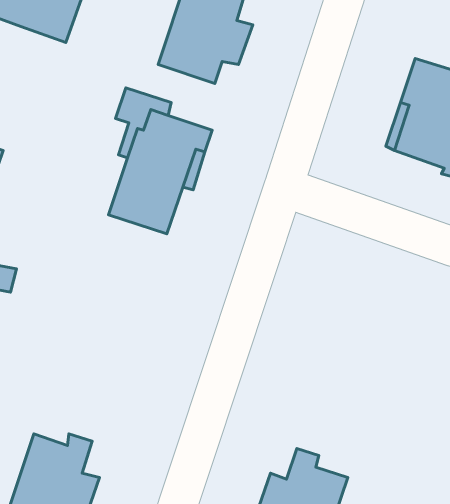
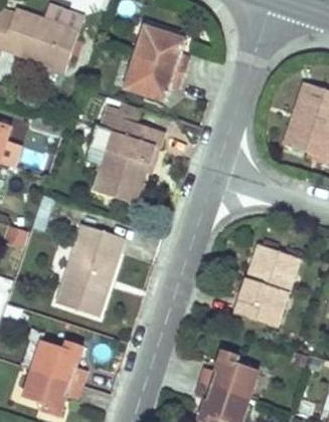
building: none -> [56,224,123,315]
building: none -> [234,244,299,327]

